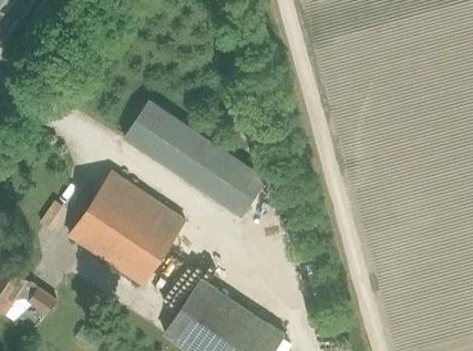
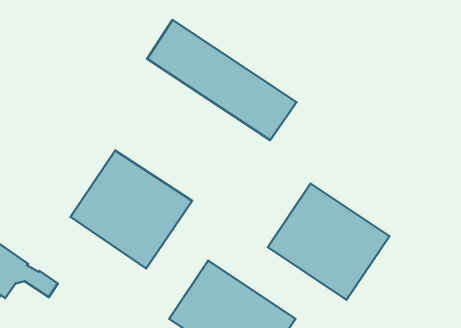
building: [123,101,267,217] -> [147,20,296,140]
building: none -> [268,184,389,300]

